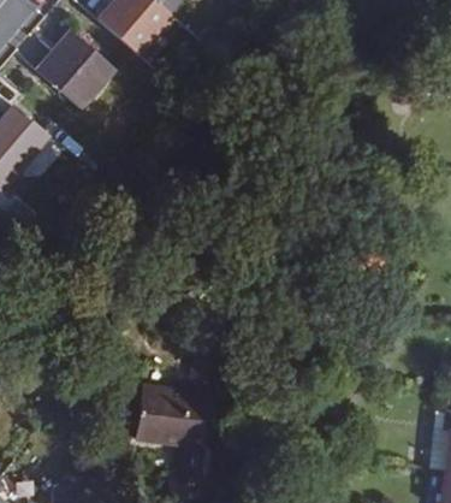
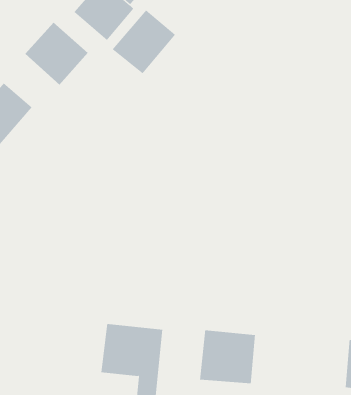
building: none -> [112,9,176,74]
building: none -> [200,330,256,384]

